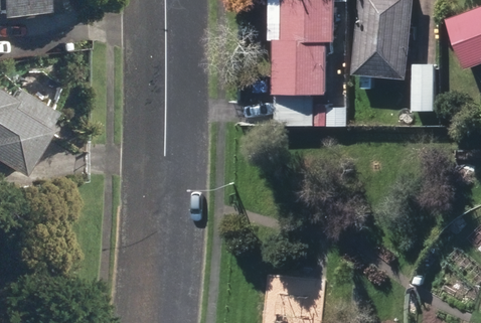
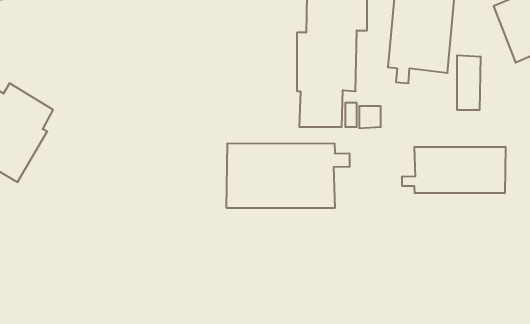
building: none -> [227,143,349,208]
building: none -> [402,147,505,193]

